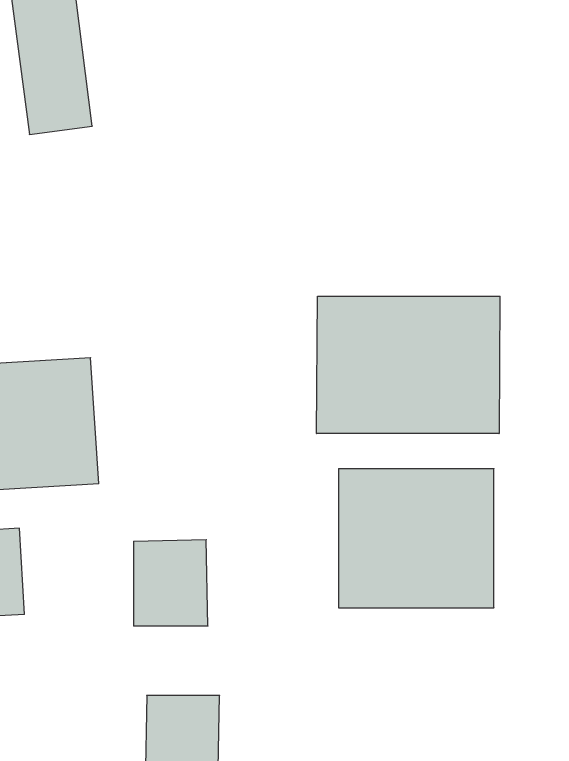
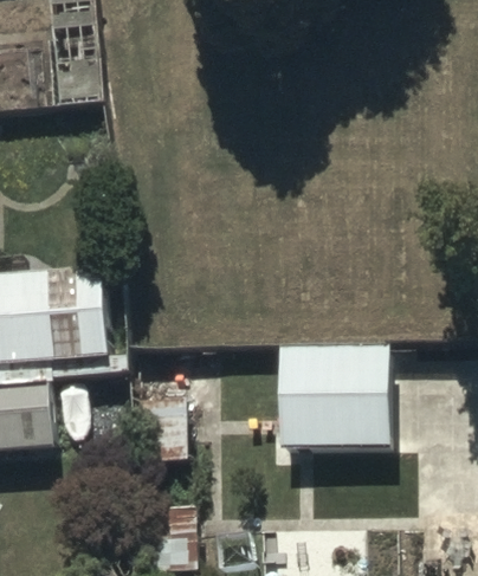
building: [317,296,500,434] -> none

